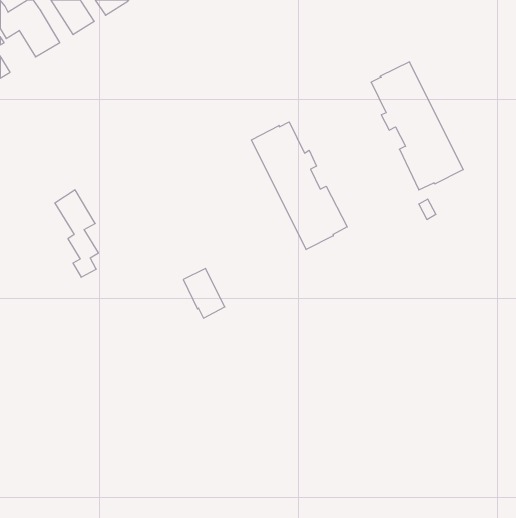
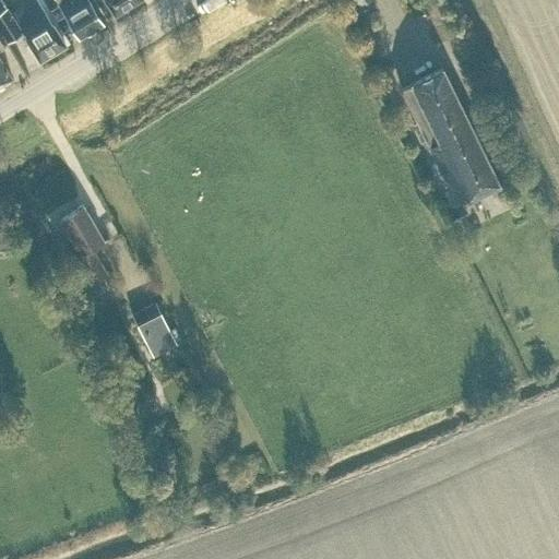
building: [251,122,347,250] -> none
building: [183,268,225,318] -> [132,302,177,356]

